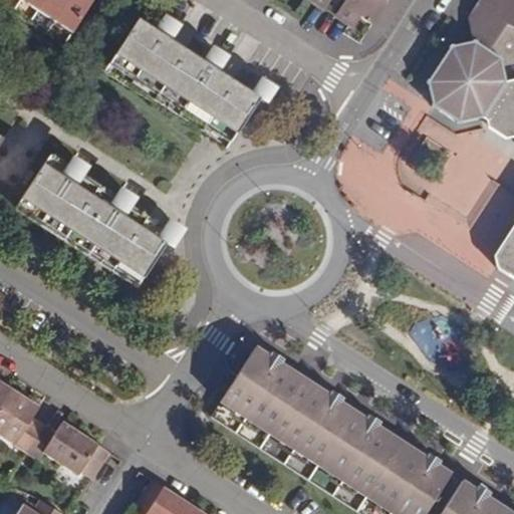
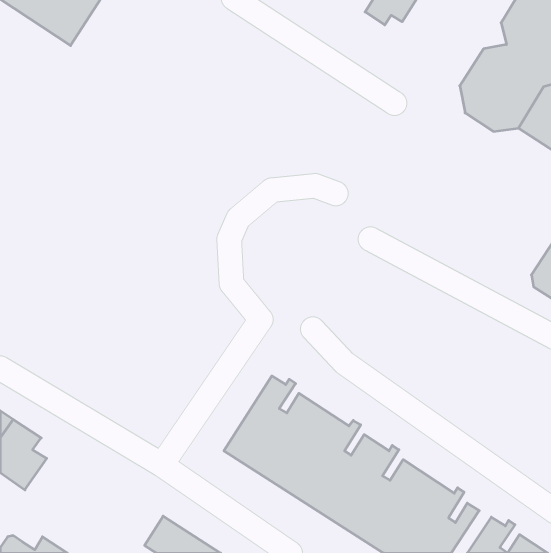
building: [109,19,261,147] -> none
building: [22,153,175,281] -> none
building: [27,420,112,477] -> none

